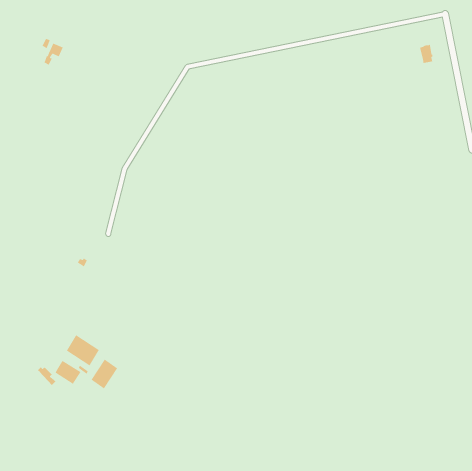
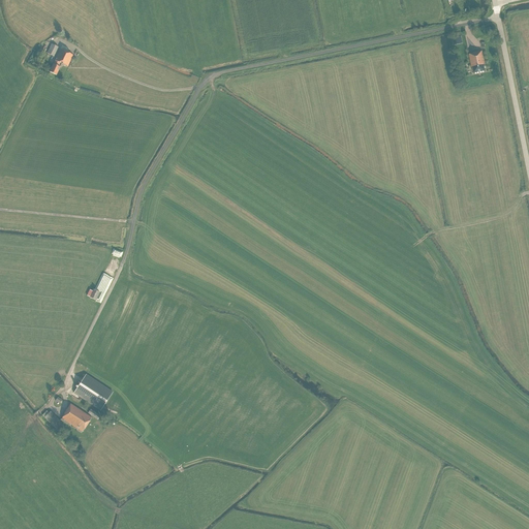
building: [91,359,118,389] -> none

